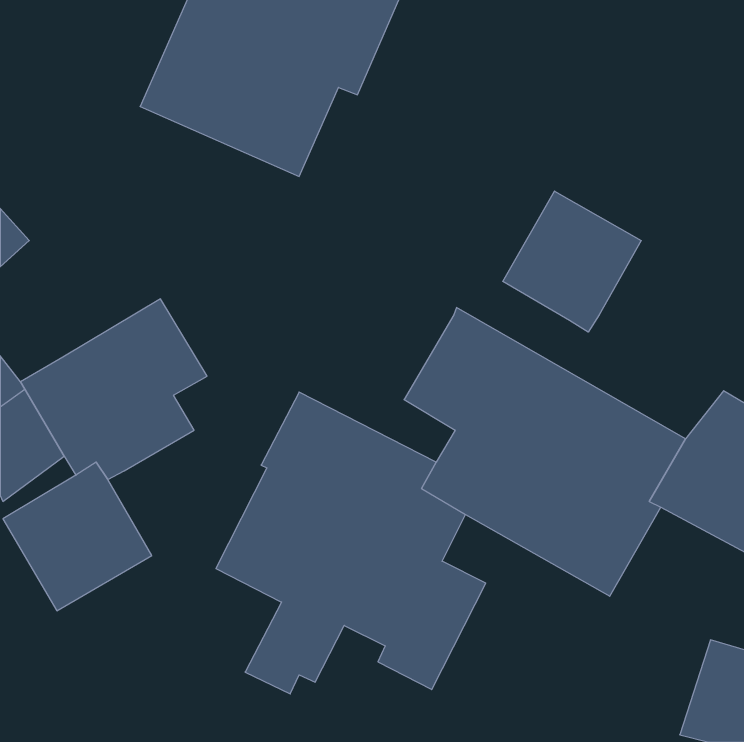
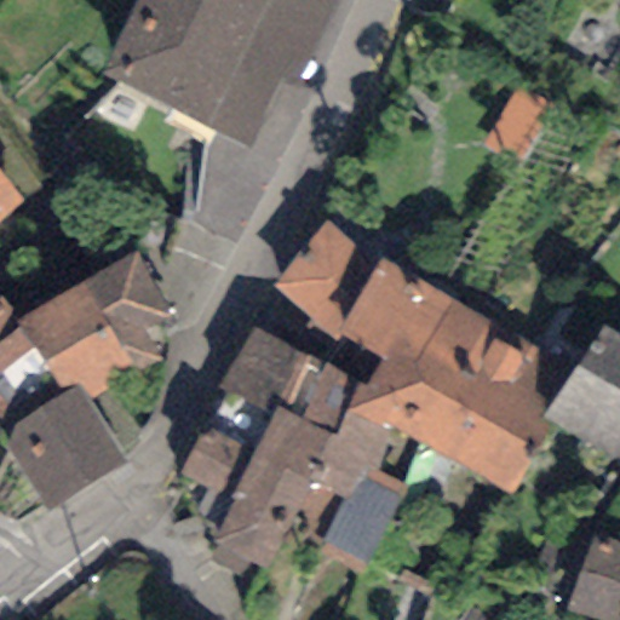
building: [503,191,641,332] -> none
building: none -> [274,219,378,340]

